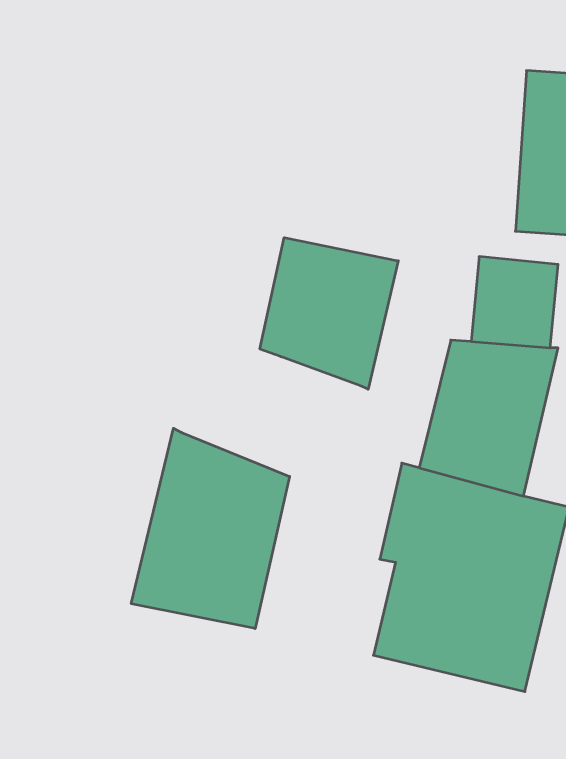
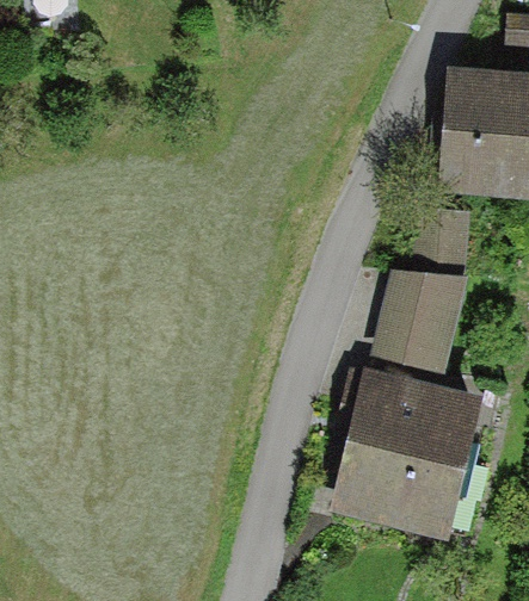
building: [260,238,398,389] -> none
building: [131,428,290,629] -> none

